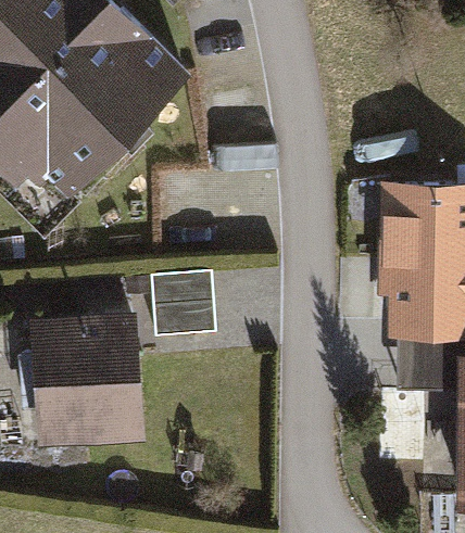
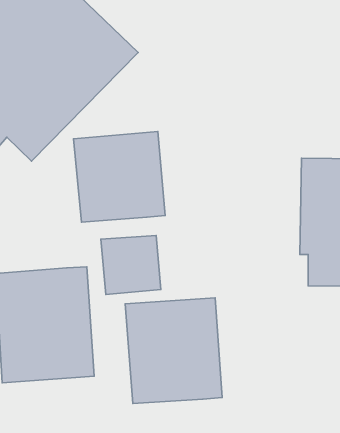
building: none -> [73,132,165,222]
building: none -> [125,298,222,403]

